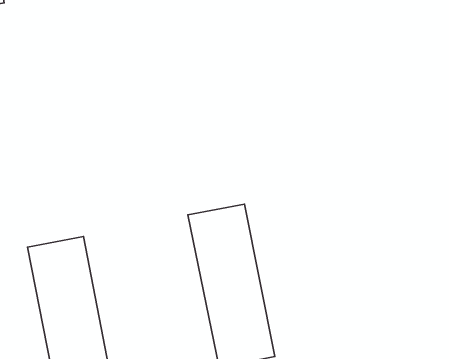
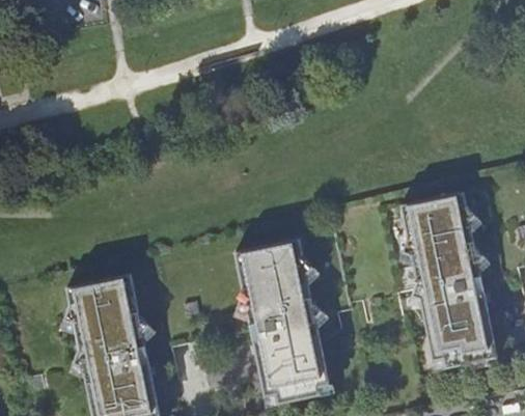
building: none -> [404,193,496,367]

